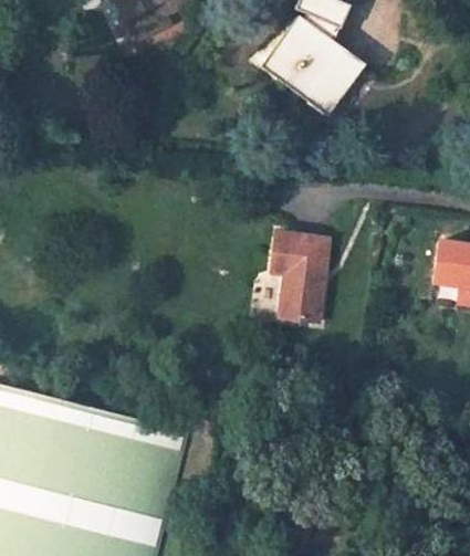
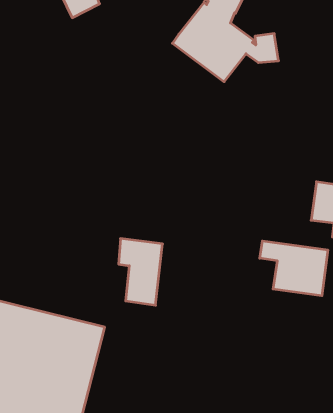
building: [275,233,331,317] -> [119,239,163,305]
building: none -> [260,241,328,296]

